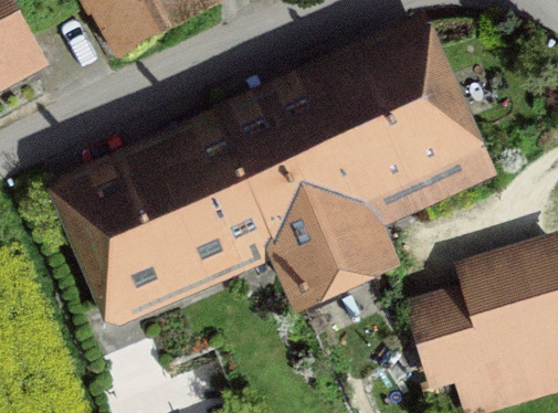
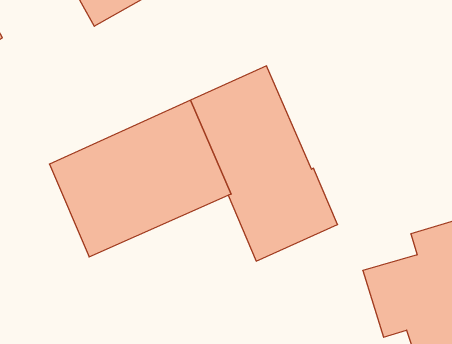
building: [310,50,457,204] -> none

